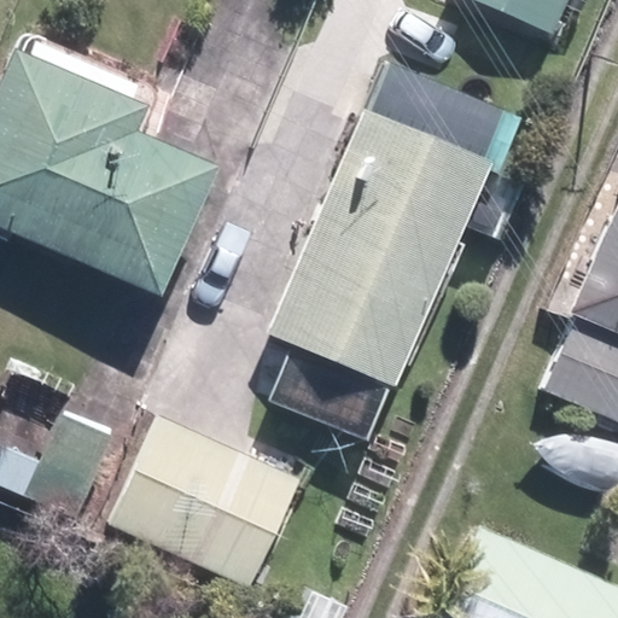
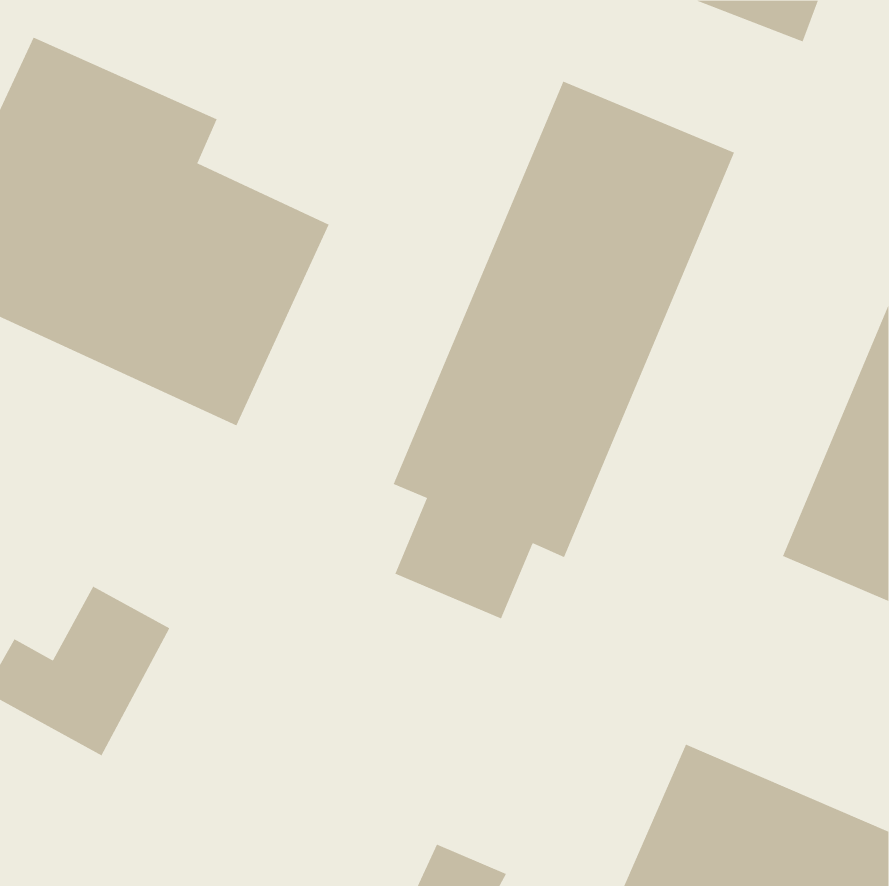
building: [110,414,304,591] -> none

